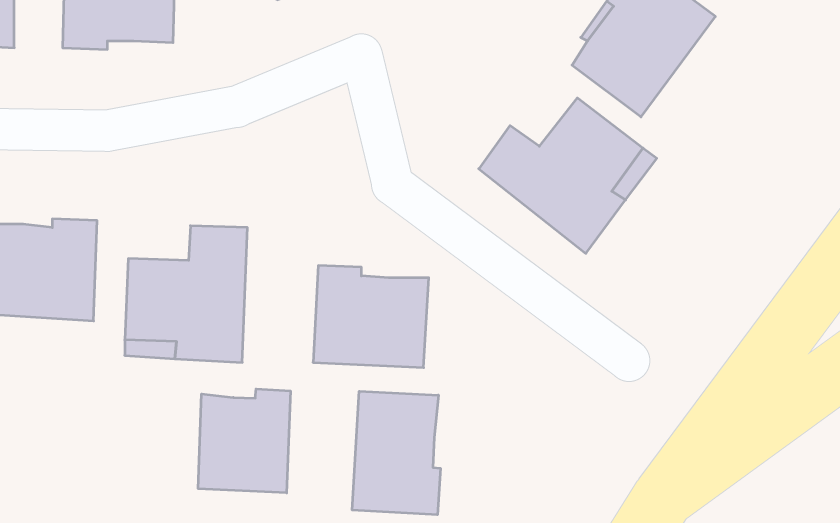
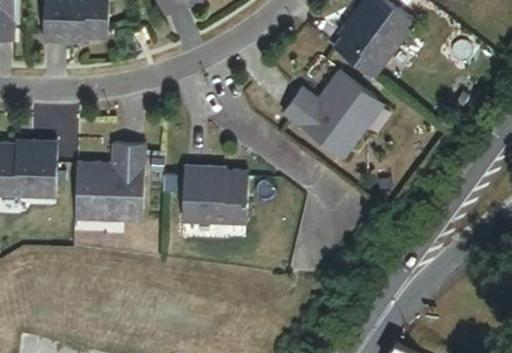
building: [198,389,290,493] -> none
building: [352,391,440,515] -> none

